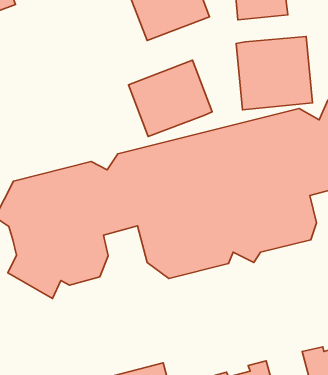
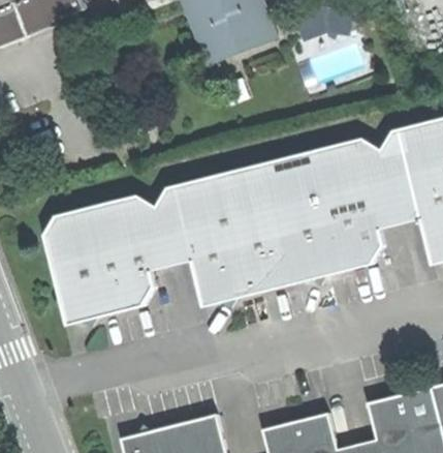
building: [236,36,313,110] -> none
building: [129,60,212,136] -> none

